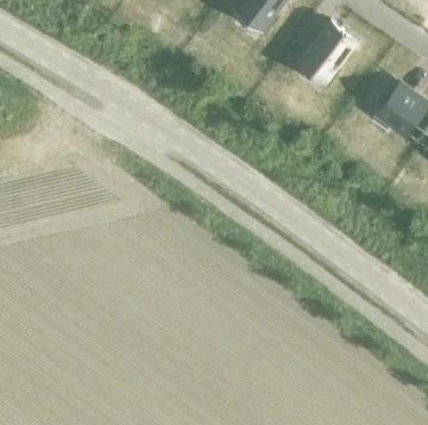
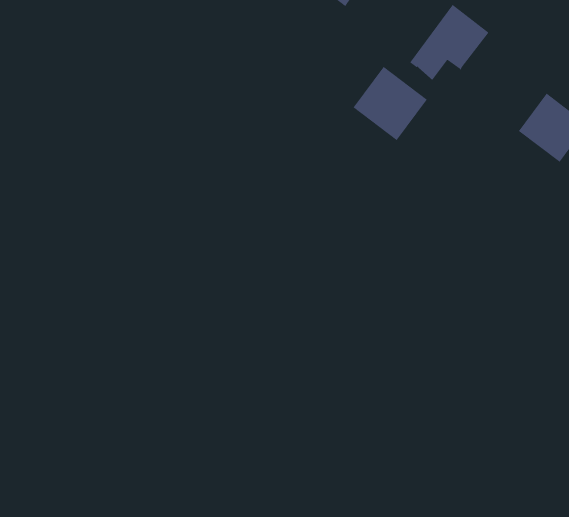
building: none -> [353,66,428,141]

